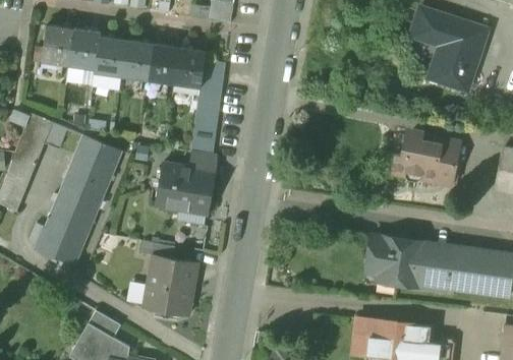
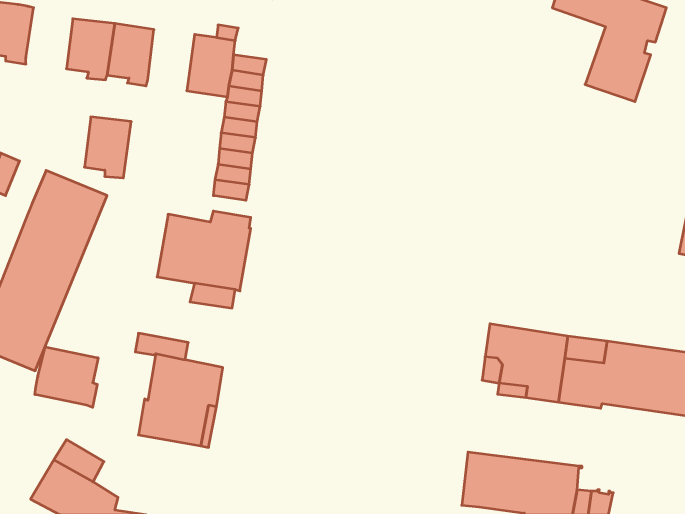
building: [69,29,101,69] -> none
building: [149,44,179,83] -> [84,117,131,178]
building: [392,131,459,183] -> none
building: none -> [35,347,98,407]

